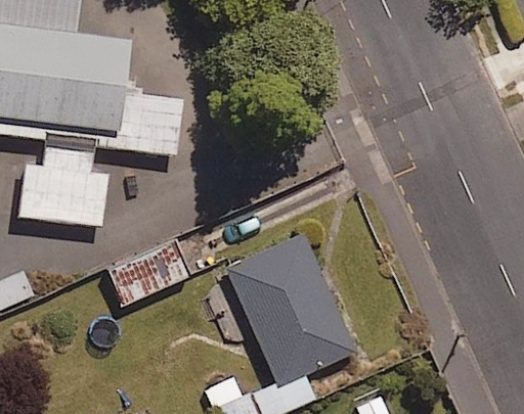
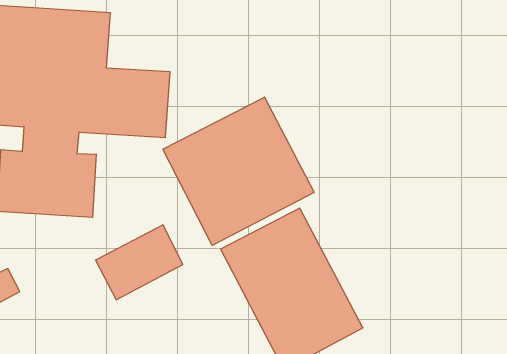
building: none -> [163,97,314,245]

